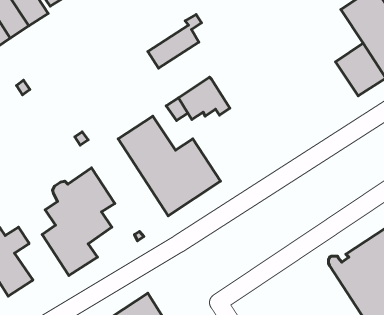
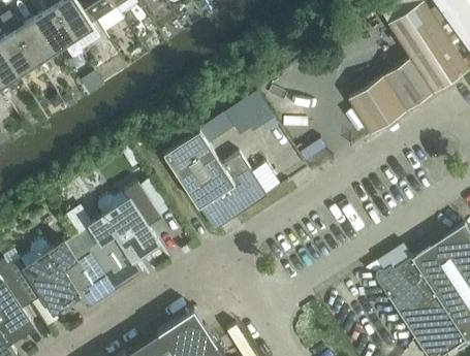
building: [148,15,201,68] -> none
building: none -> [348,76,406,133]
building: none -> [60,250,115,310]

